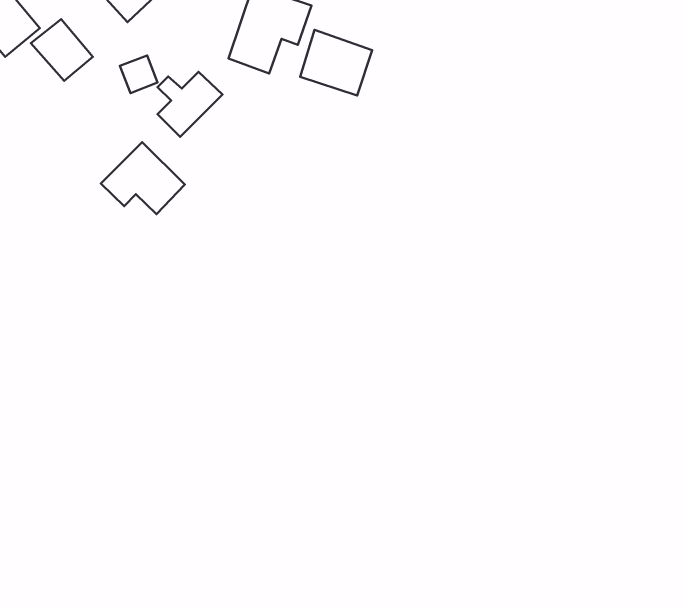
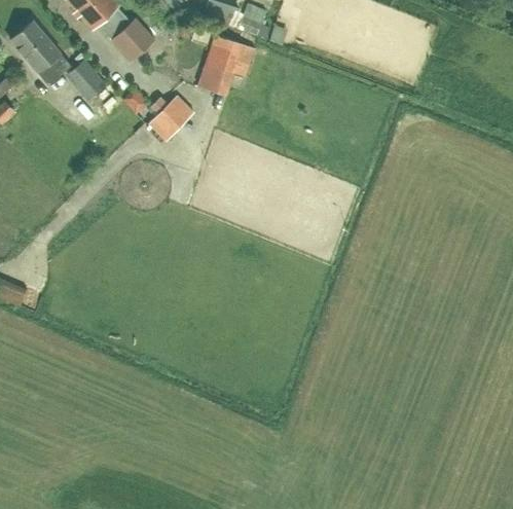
building: [300,30,372,96] -> none
building: [101,142,185,214] -> none

